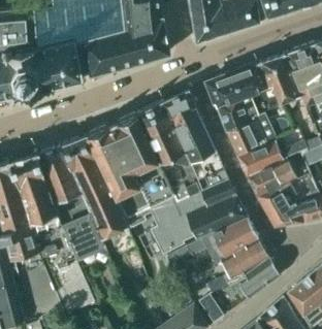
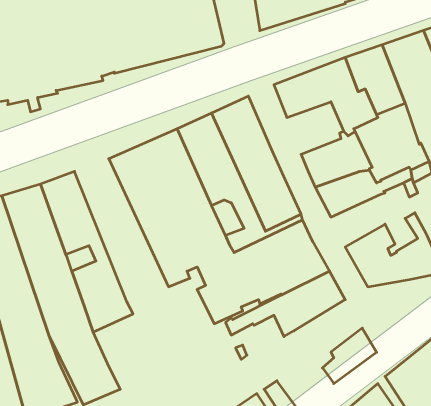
building: [215,93,256,131] -> none
building: [61,134,126,238] -> none
building: [247,159,295,198] -> none
building: [207,236,268,291] -> none

